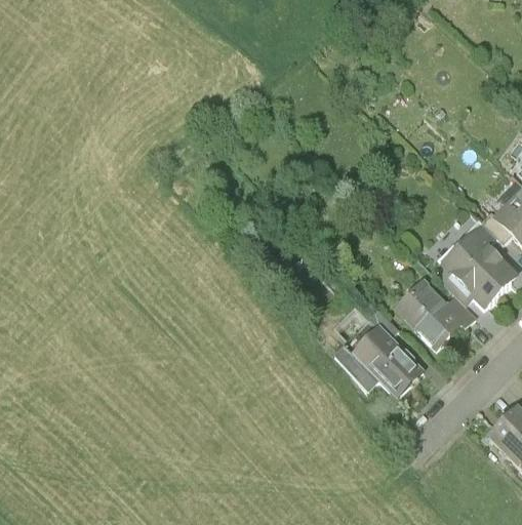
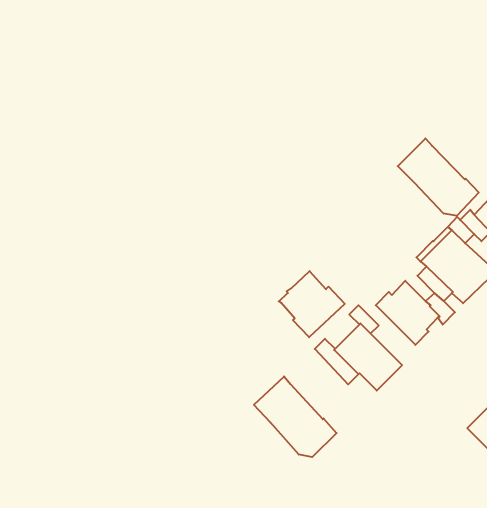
building: none -> [398,138,479,216]
building: none -> [279,271,345,337]
building: none -> [254,376,337,457]

